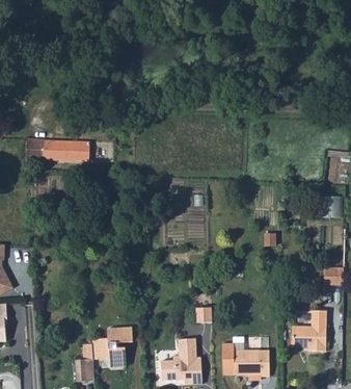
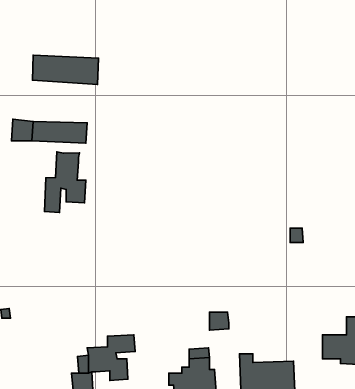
building: none -> [32,55,98,85]
building: none -> [44,152,86,213]

